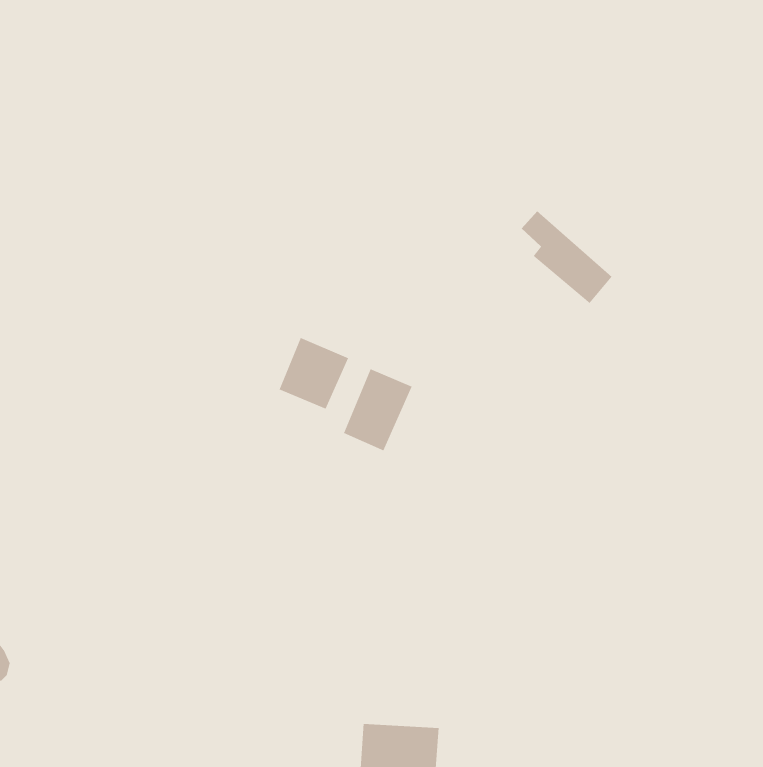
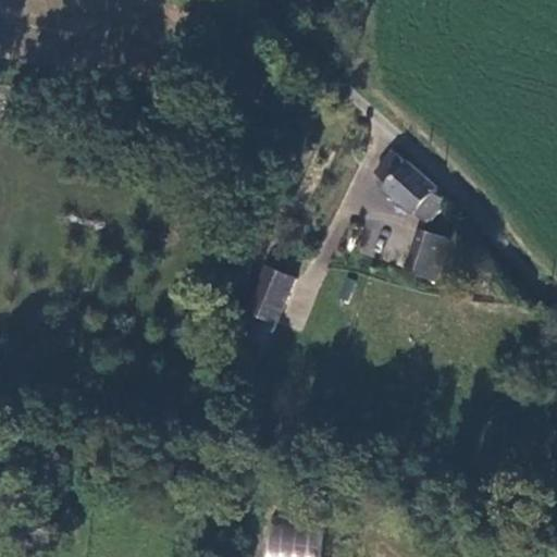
building: none -> [406,232,442,276]
building: [279,337,349,409] -> none

